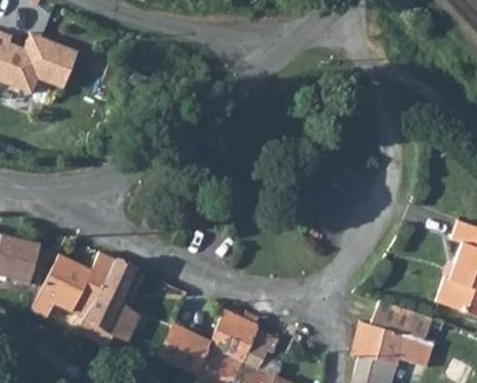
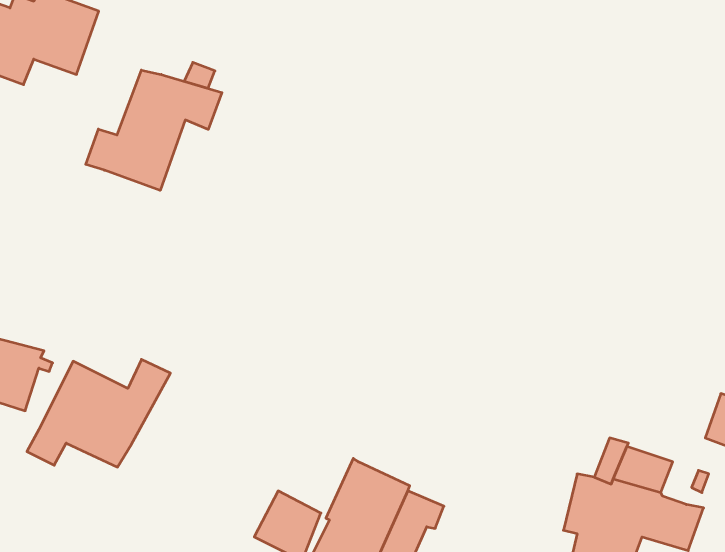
building: none -> [86,70,222,190]
building: [74,261,143,350] -> none

